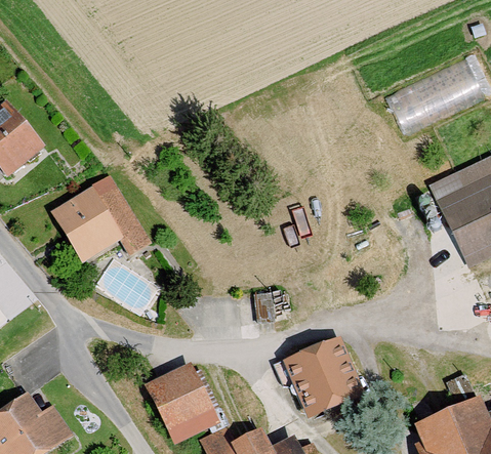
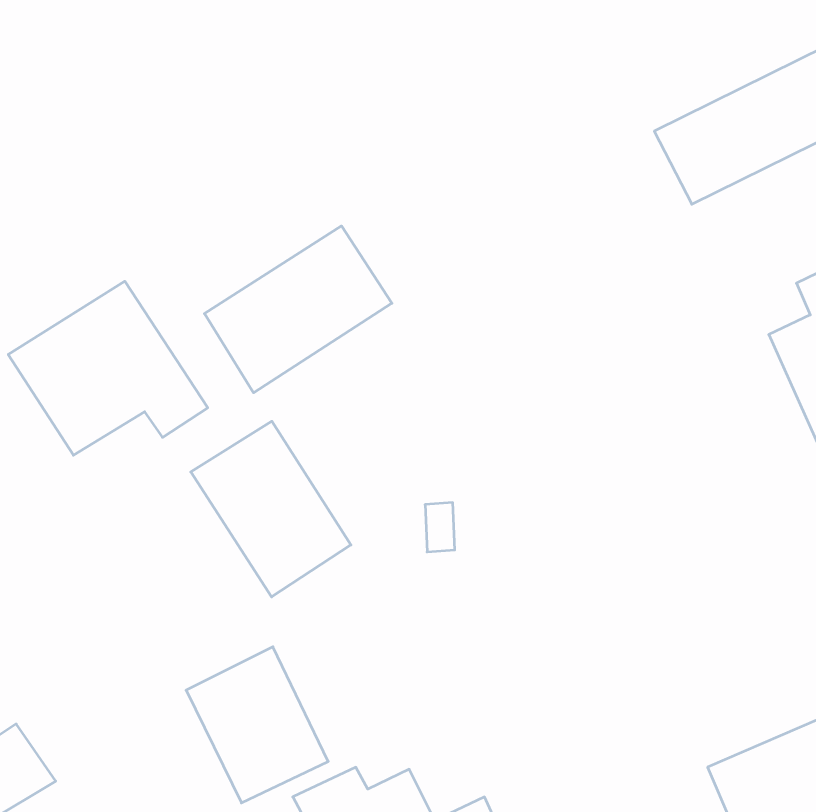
building: none -> [204,226,392,393]
building: none -> [191,421,351,597]
building: [281,337,363,418] -> none

